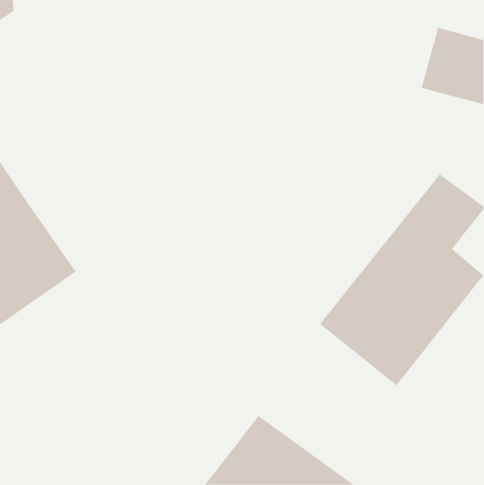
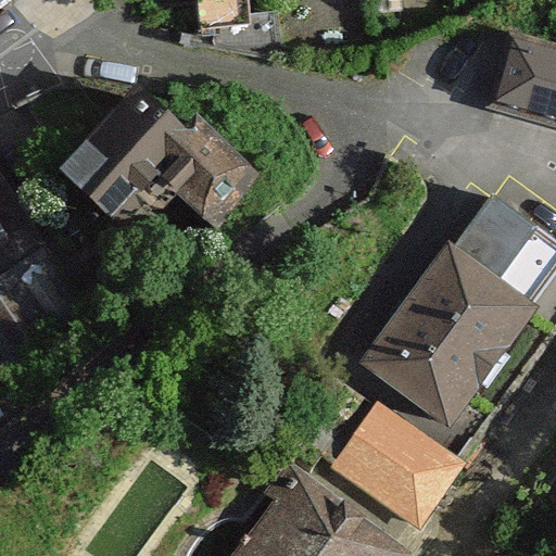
building: none -> [62,85,244,228]
building: none -> [329,399,468,531]

